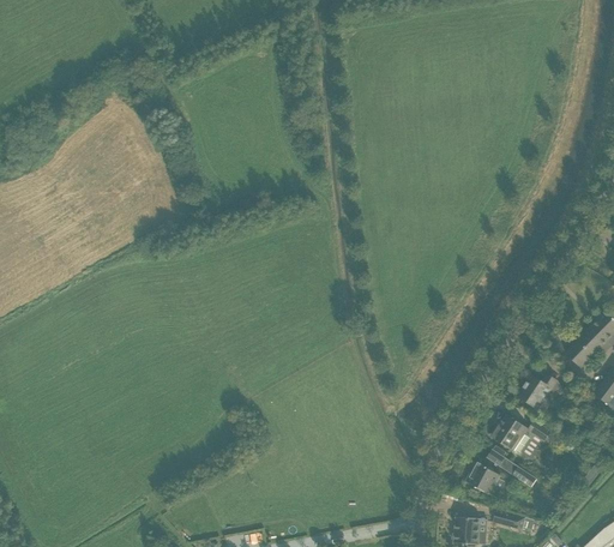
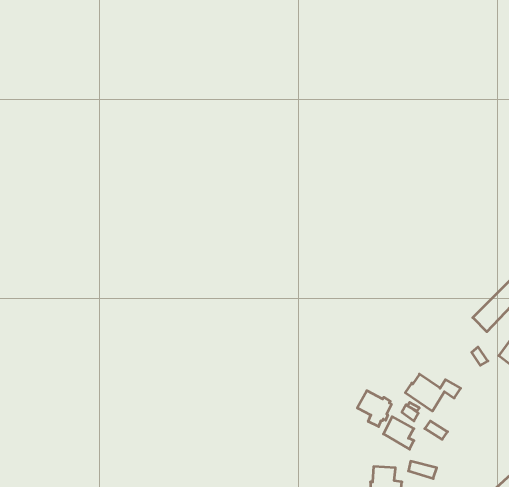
building: [519,373,561,407] -> none
building: none -> [357,391,391,427]

